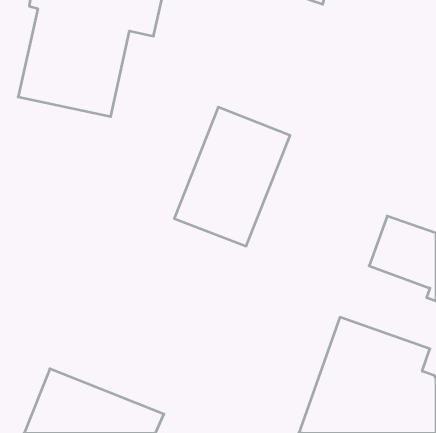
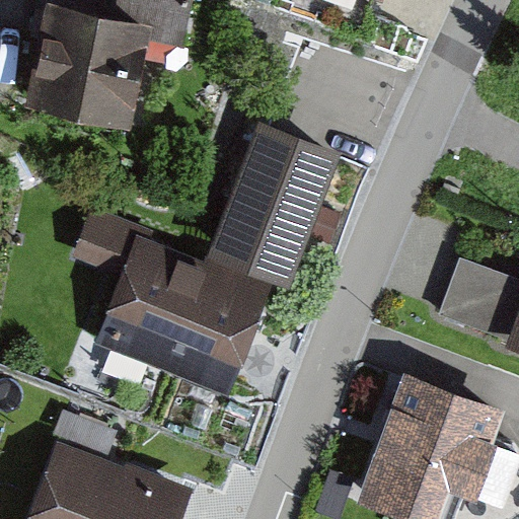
building: none -> [72,215,274,399]

